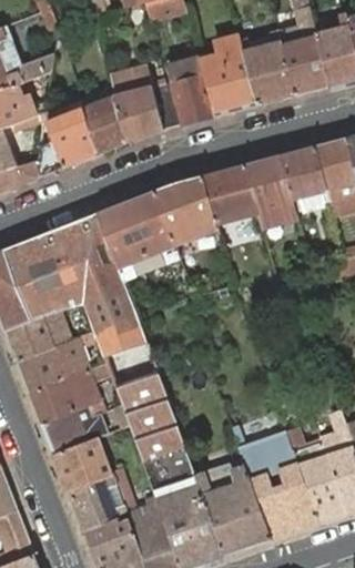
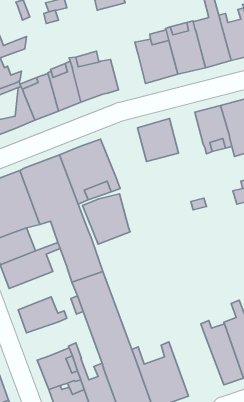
building: [173,78,214,124] -> none
building: [246,155,297,227] -> none
building: [153,176,217,244] -> [83,194,130,244]
building: [30,364,110,423] -> none
building: [234,435,320,539] -> none
building: [53,438,111,490] -> none

